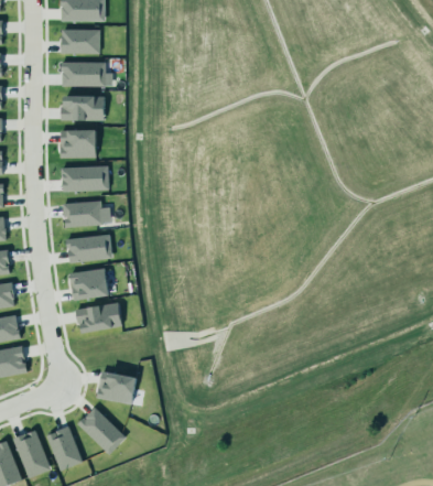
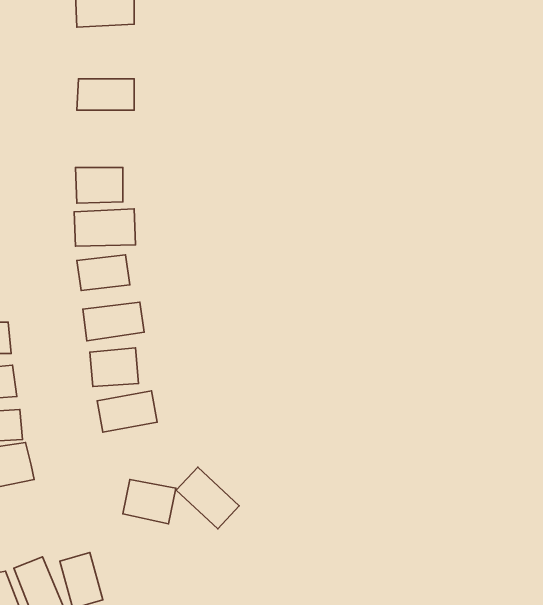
building: [61,29,99,53] -> none
building: [62,95,104,120] -> none
building: [77,407,126,454] -> [176,467,239,529]

